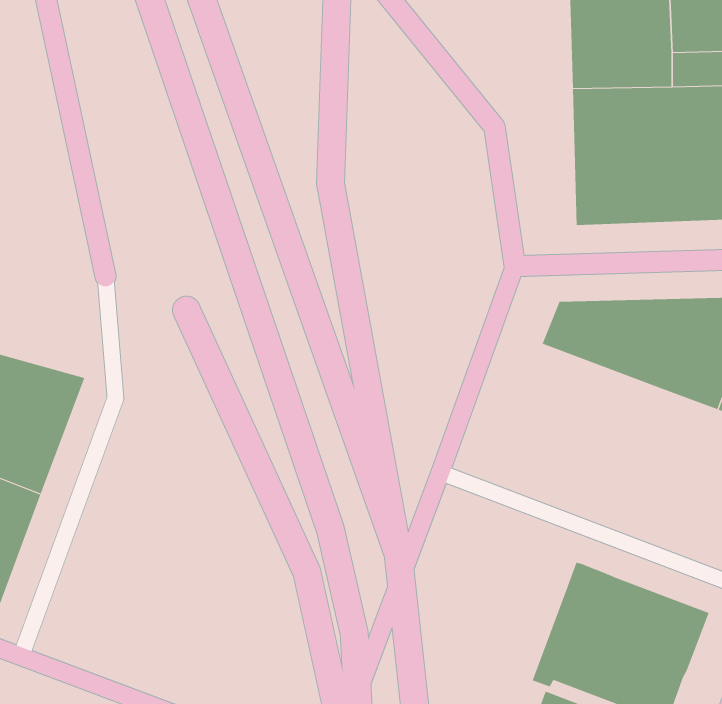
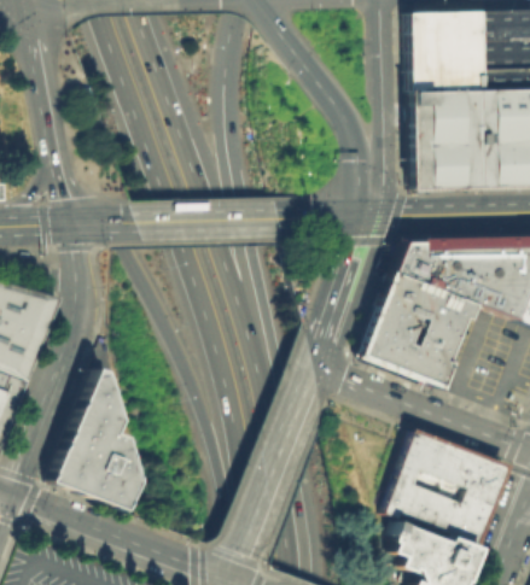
building: none -> [360,273,474,387]
building: none -> [51,367,138,509]

